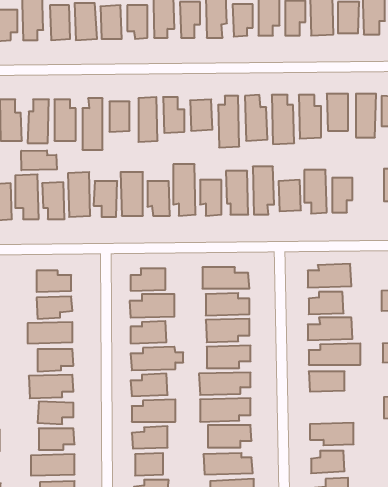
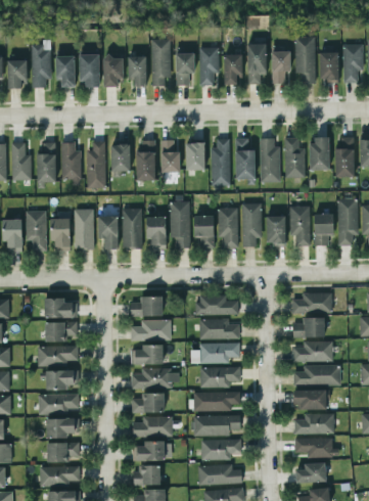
building: [21,150,57,170] -> none
building: none -> [337,199,358,246]
building: none -> [294,413,334,434]

